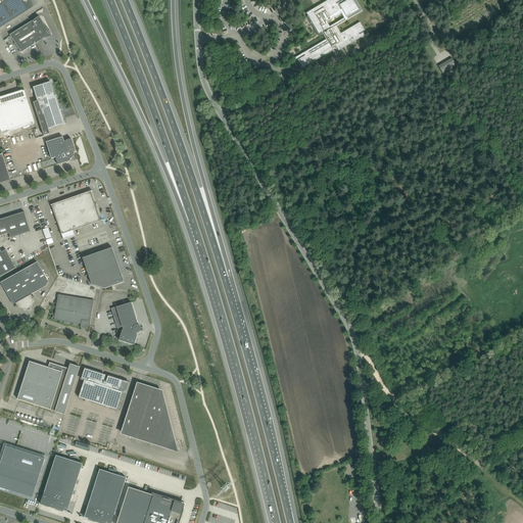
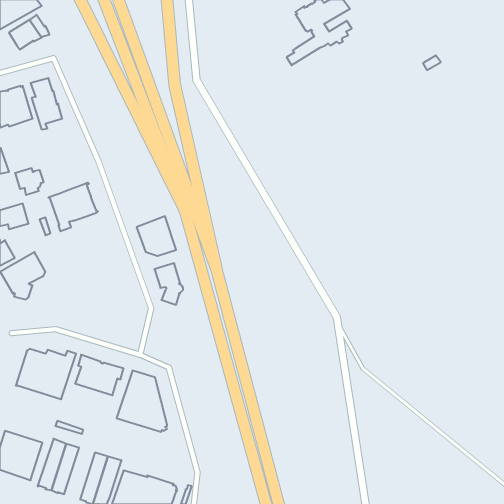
building: [45,136,75,163] -> [15,168,44,195]
building: [82,246,123,287] -> [137,216,176,256]
building: [51,293,93,328] -> none
building: [110,301,140,344] -> [154,263,183,305]

